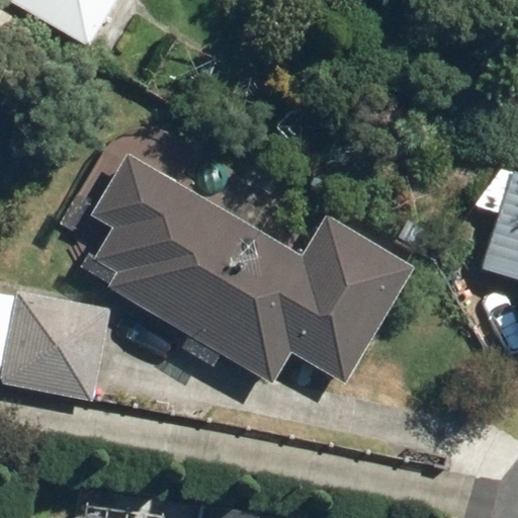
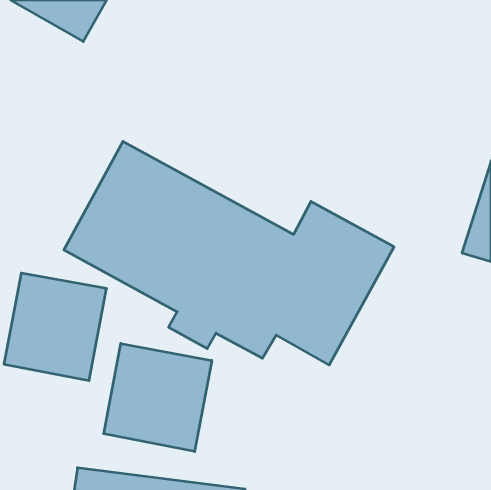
building: none -> [104,343,212,452]

